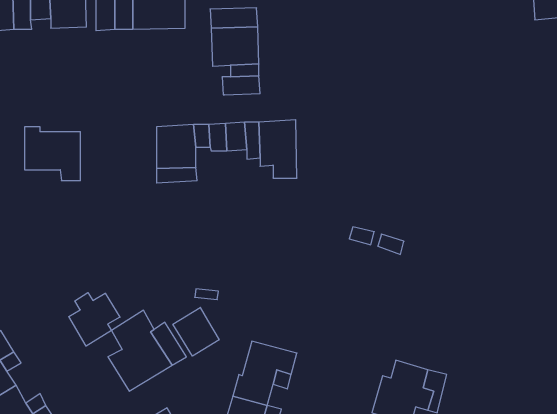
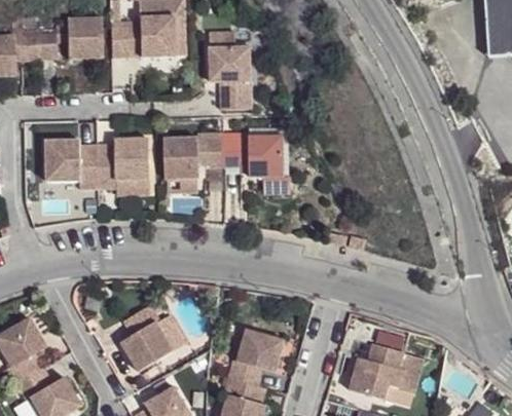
building: none -> [97,141,145,189]
building: [69,293,120,346] -> none
building: [173,307,219,356] -> none

